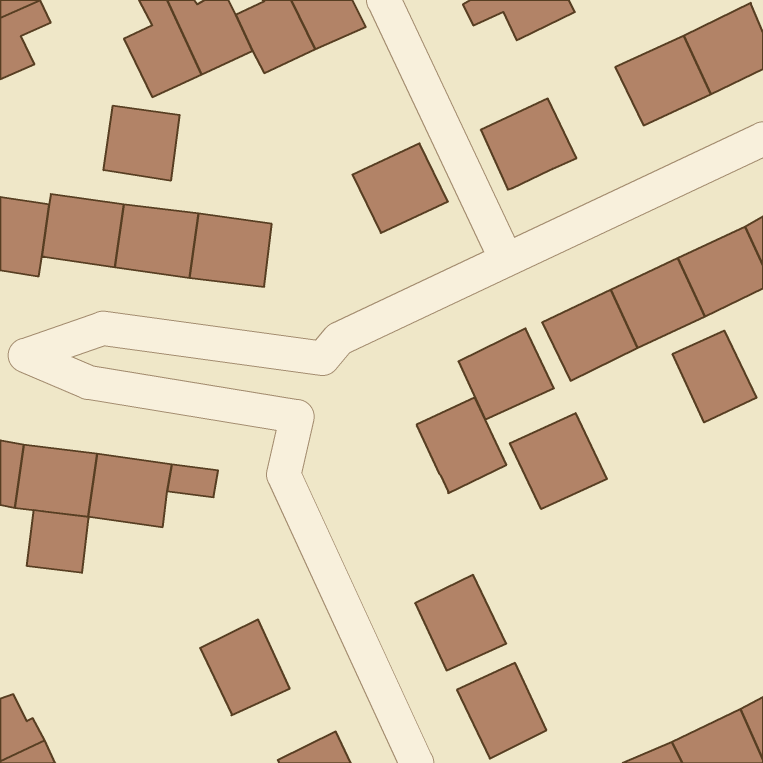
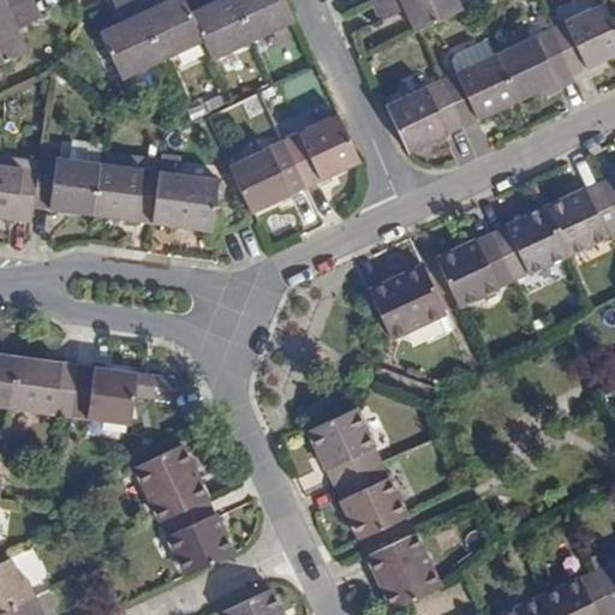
building: none -> [441,54,518,127]
building: [104,106,180,181] -> none
building: none -> [229,141,306,213]
building: [673,331,756,422] -> none
building: [417,398,506,493] -> [309,408,381,485]
building: [510,413,607,509] -> none
building: [27,510,89,573] -> none
building: none -> [136,444,208,521]

